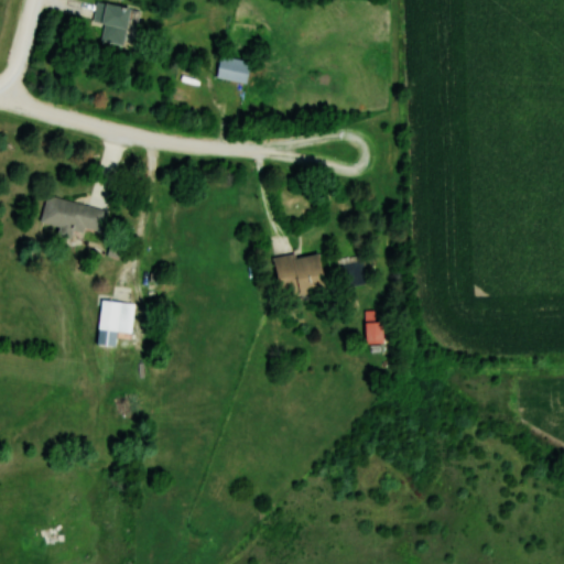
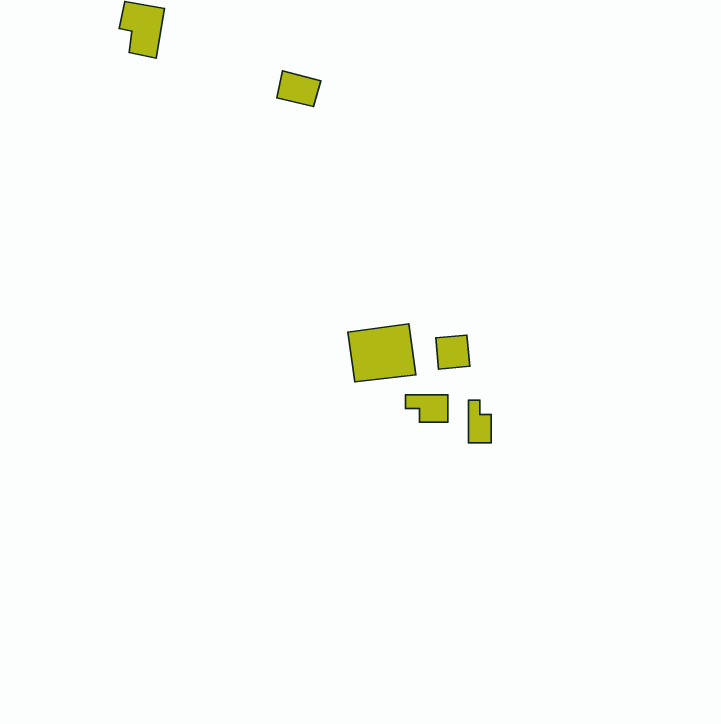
building: [42,196,109,241] -> none
building: [101,302,133,333] -> none
building: none -> [405,395,448,422]

